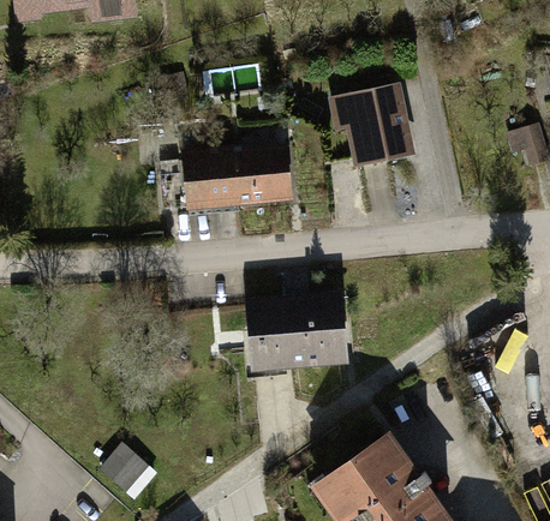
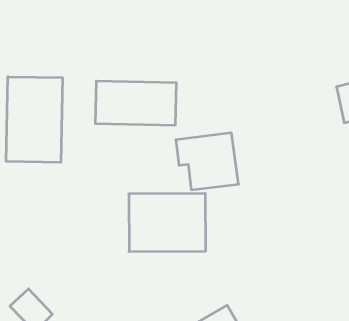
building: [329,85,418,166] -> [176,133,239,190]
building: none -> [6,77,62,162]

